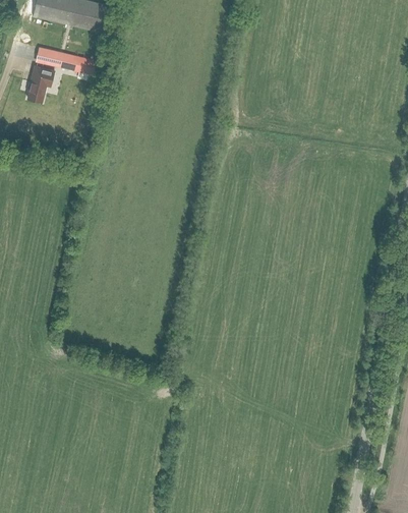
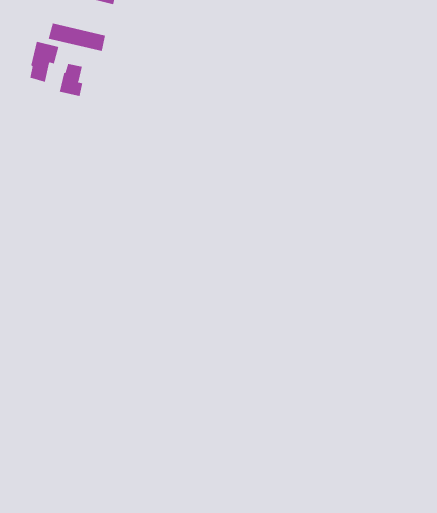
building: none -> [59,63,83,97]

